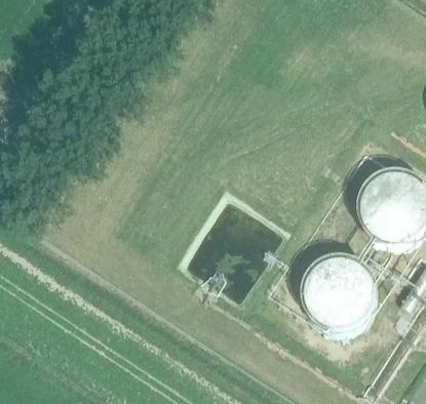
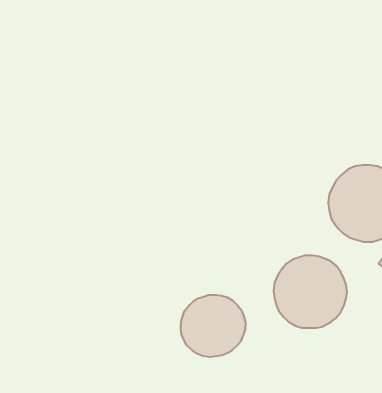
building: none -> [181,295,245,357]

